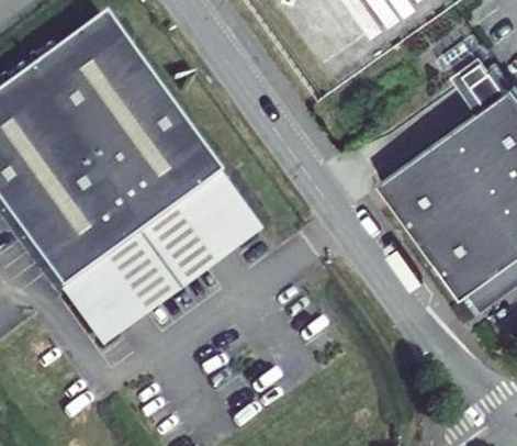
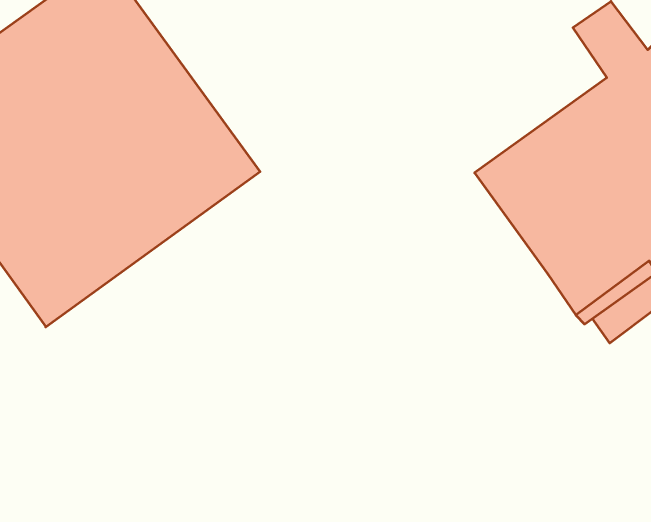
building: [63,172,262,344] -> none

